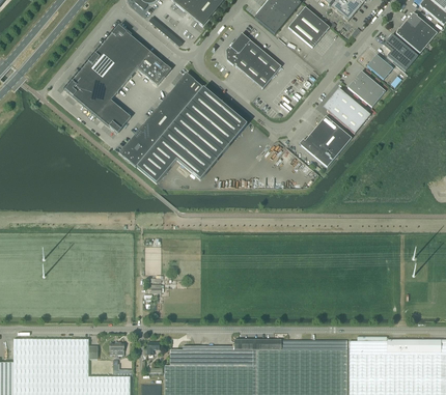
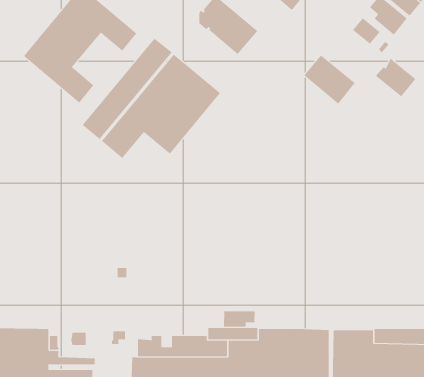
building: [347,70,385,107] -> [375,58,416,97]
building: [299,116,352,167] -> none
building: none -> [224,310,255,327]

